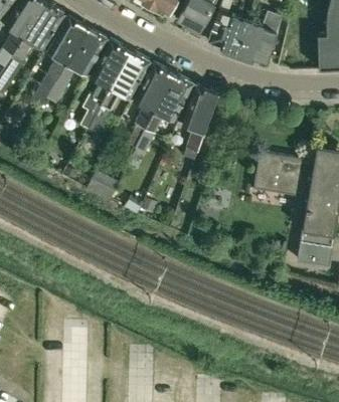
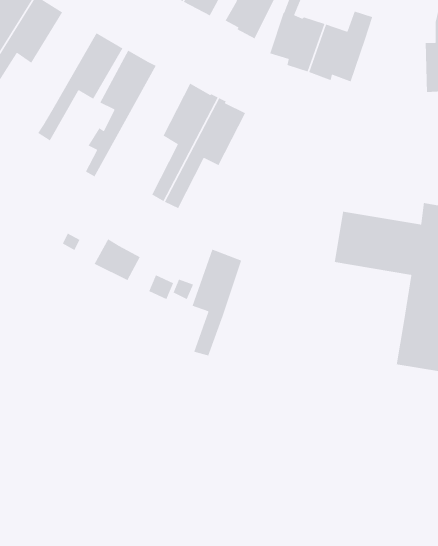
building: [33,16,88,106] -> none
building: [87,51,149,136] -> none
building: [182,85,217,161] -> [192,249,242,357]

